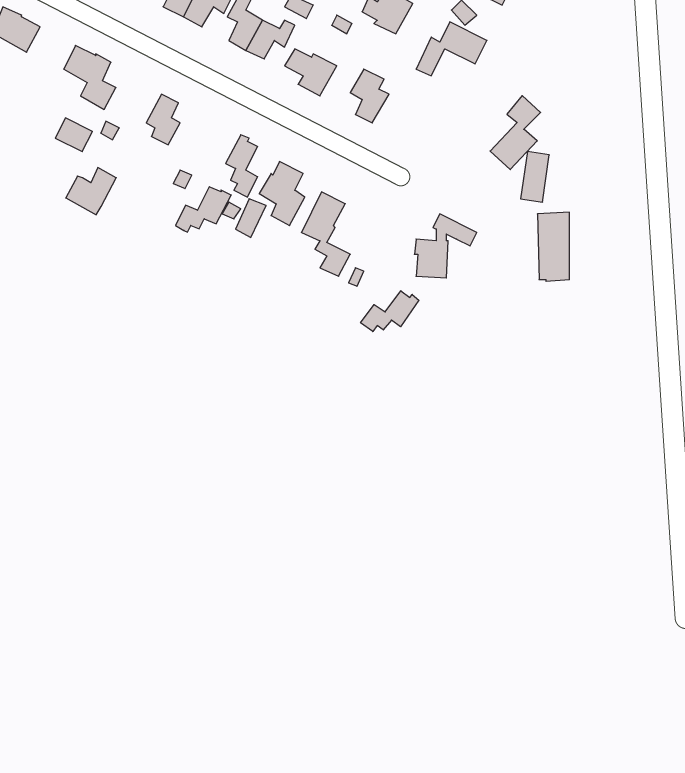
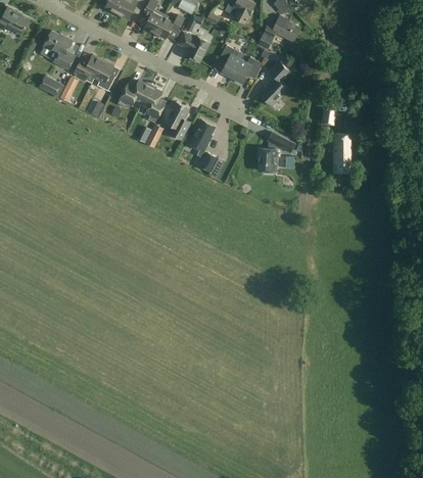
building: none -> [231,57,263,84]
building: [490,96,541,170] -> [259,61,289,106]
building: [66,168,116,215] -> [73,54,103,83]
building: [176,187,231,232] -> [118,80,151,107]
building: [361,291,419,332] -> none

